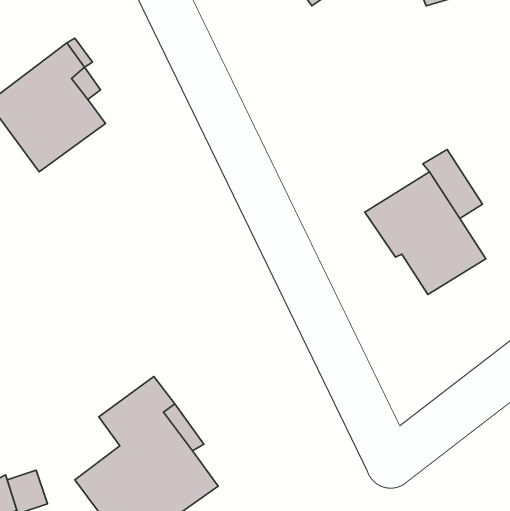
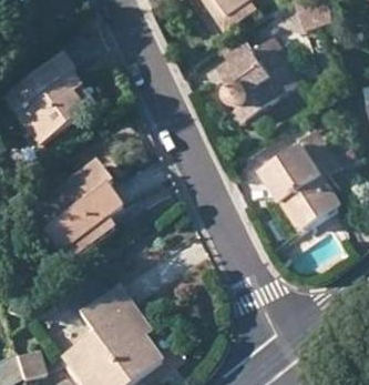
building: none -> [221,37,301,120]
building: none -> [33,163,119,262]

